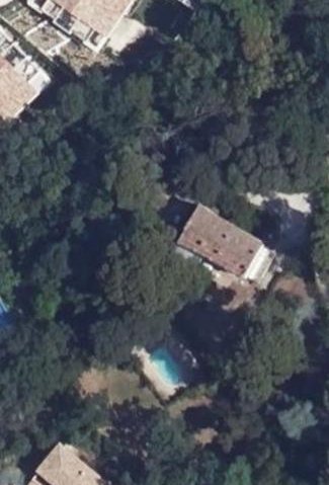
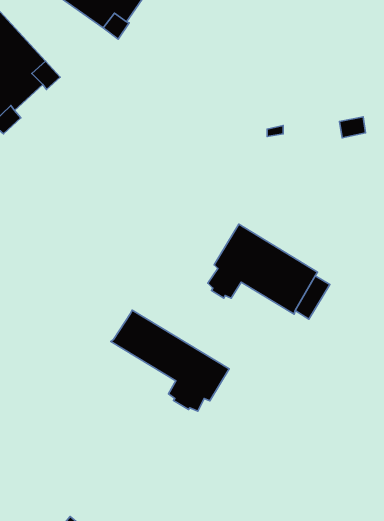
building: none -> [111,310,229,411]

